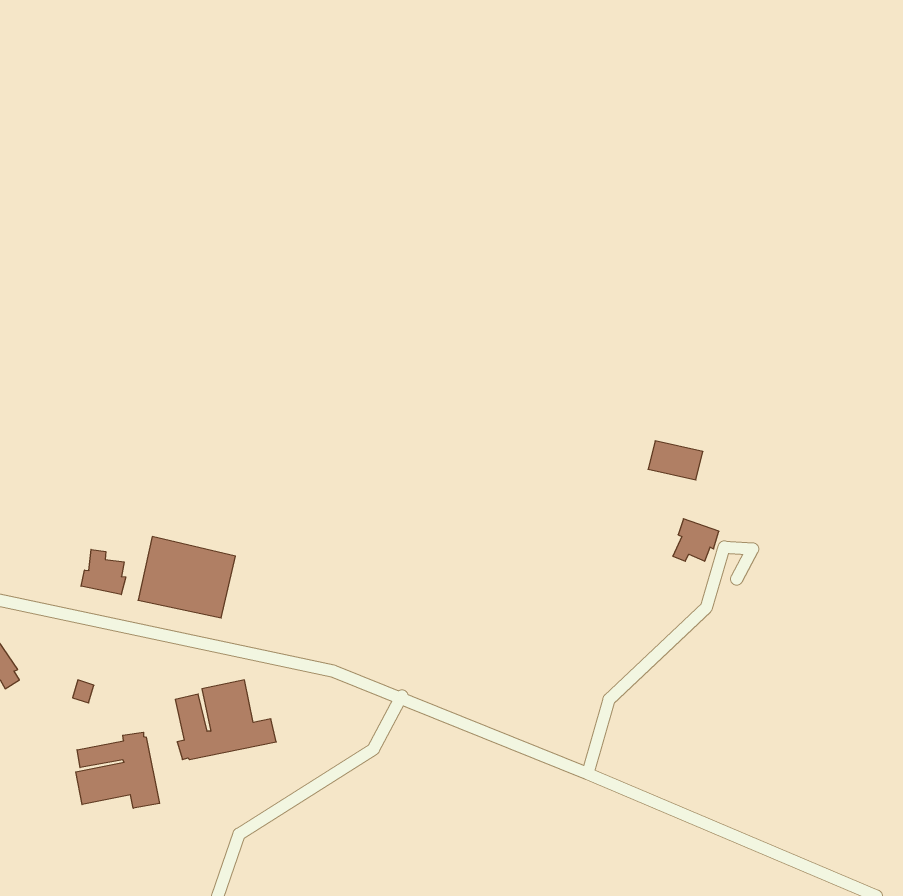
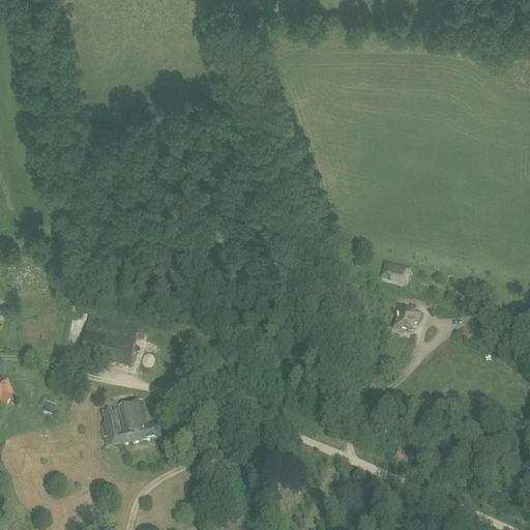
building: [81,549,126,595] -> none
building: [76,732,160,808] -> none

